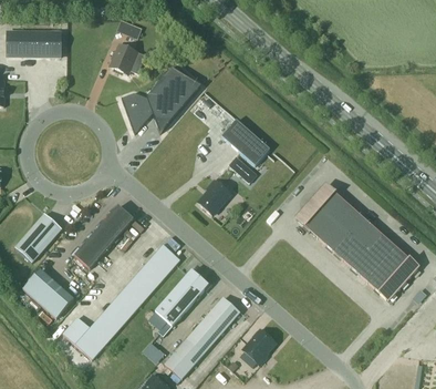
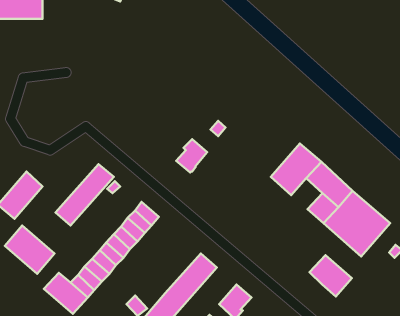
building: [110,44,145,73] -> none
building: [121,64,200,133] -> none
building: [221,120,269,165] -> none
building: [316,219,349,252] -> none
building: [155,269,209,326] -> none
building: none -> [310,255,352,296]

